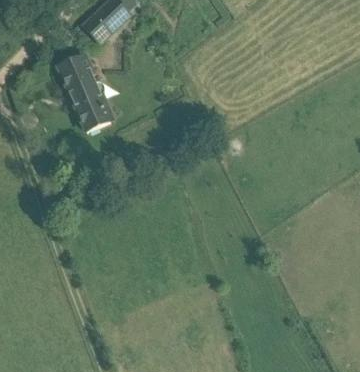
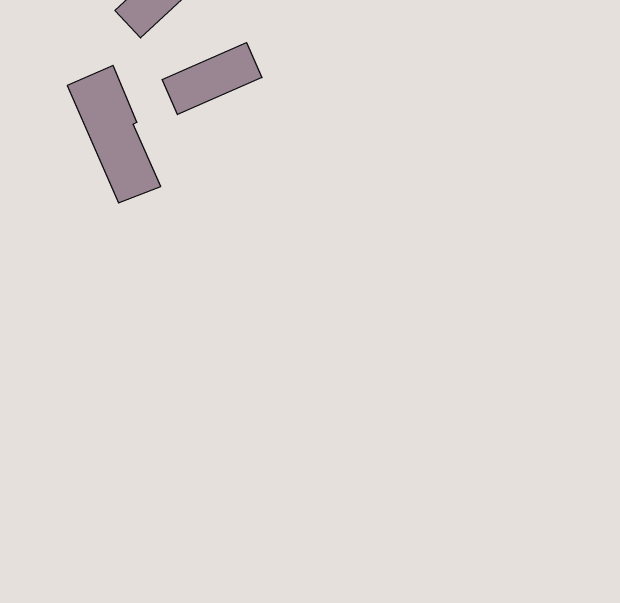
building: none -> [162,43,262,115]

